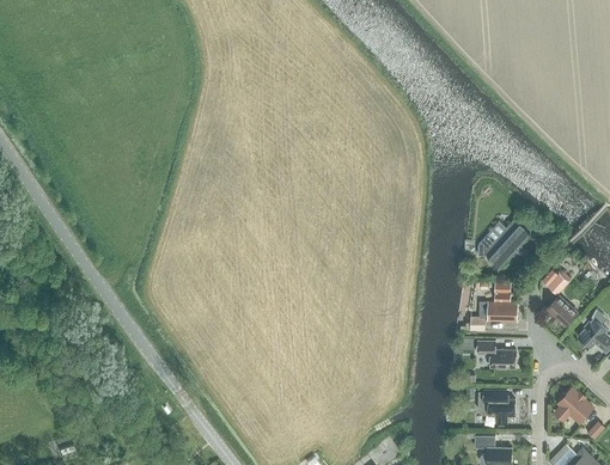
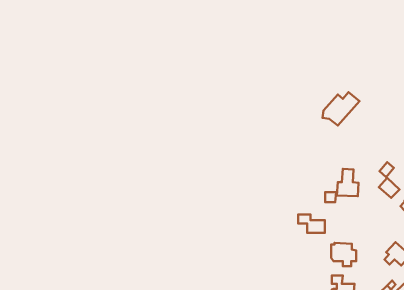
building: [477,219,530,267] -> [323,92,359,125]
building: [477,342,516,368] -> [298,214,325,233]

